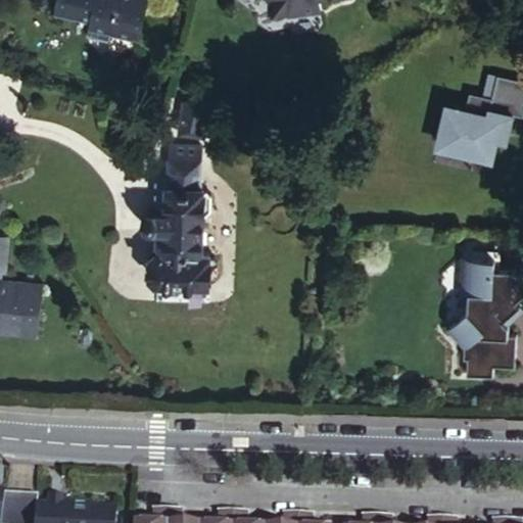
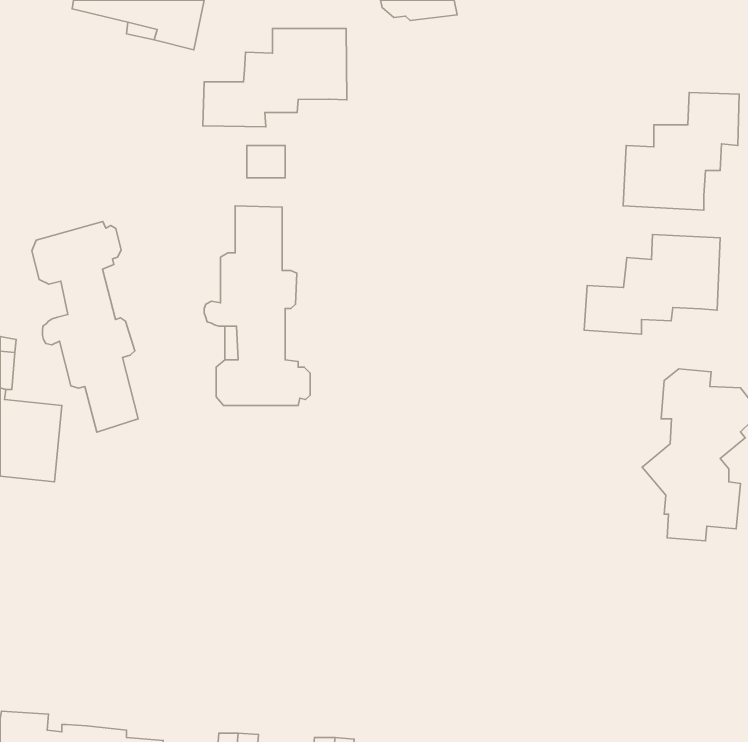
building: none -> [203,28,347,127]
building: none -> [32,221,138,432]
building: none -> [584,235,720,334]

